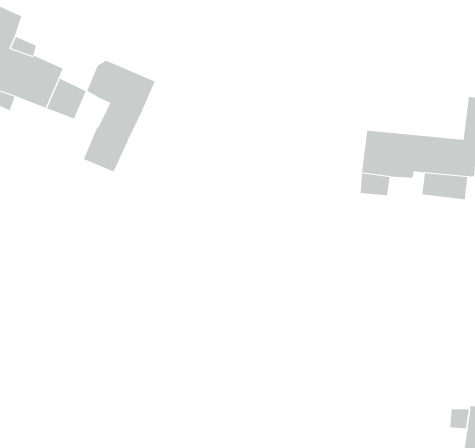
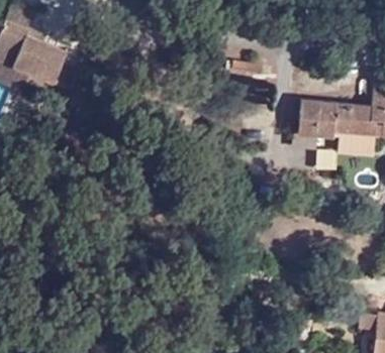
building: [83,60,155,172] -> none

